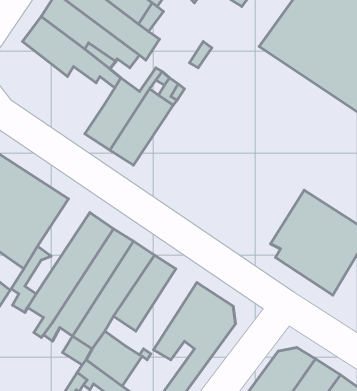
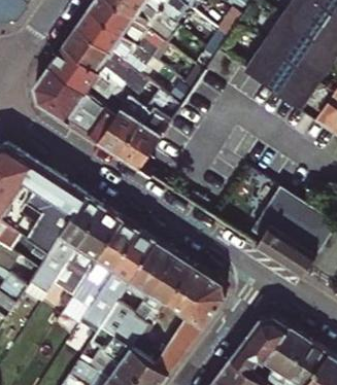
building: none -> [33,66,115,142]
building: none -> [49,196,103,274]
building: none -> [133,253,192,324]

